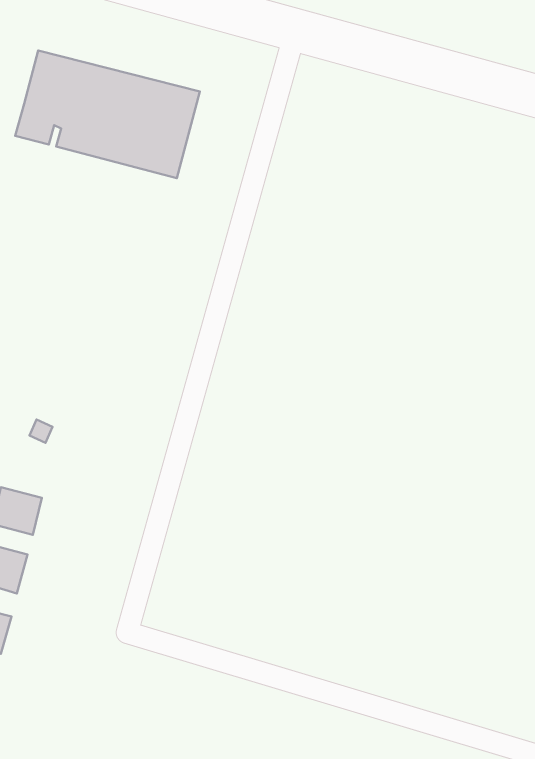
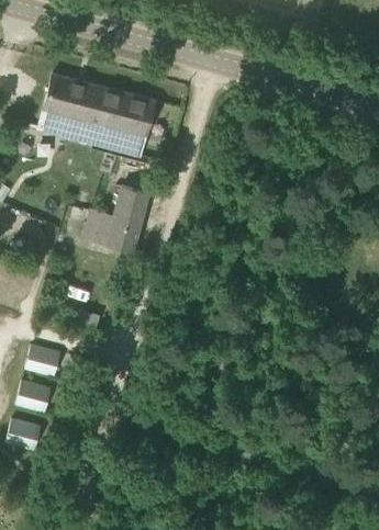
building: none -> [82,185,149,252]

